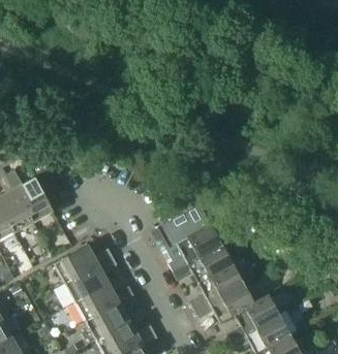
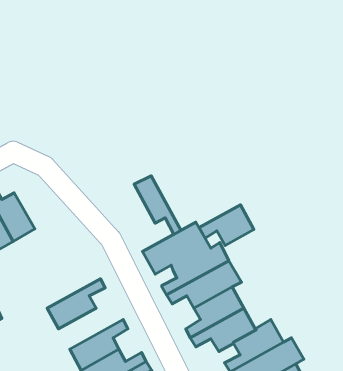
building: none -> [134,176,181,234]
building: none -> [199,205,254,246]
building: [54,245,113,283] -> none
building: [74,283,133,320] -> none

